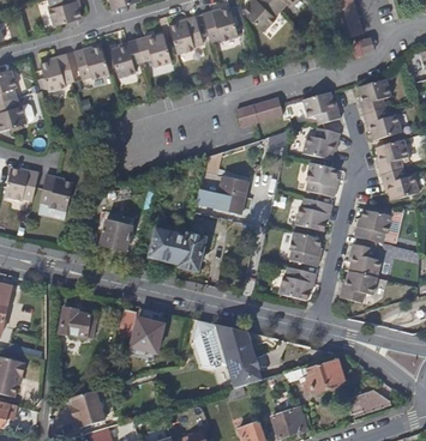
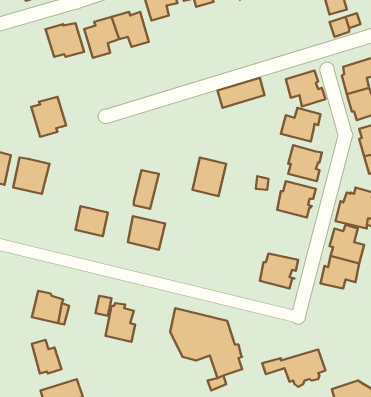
building: [42,53,76,91] -> [31,97,66,137]
building: [289,232,323,266] -> none
building: [182,234,206,271] -> [134,170,159,209]
building: none -> [32,340,62,374]

